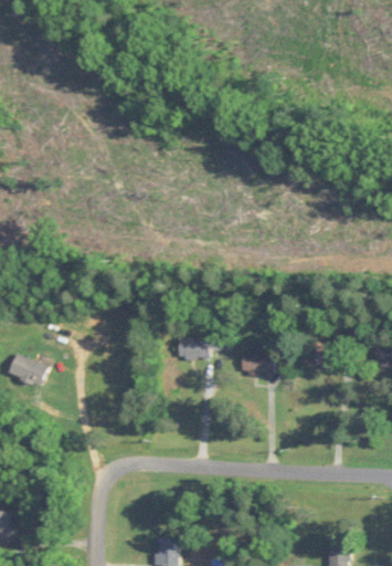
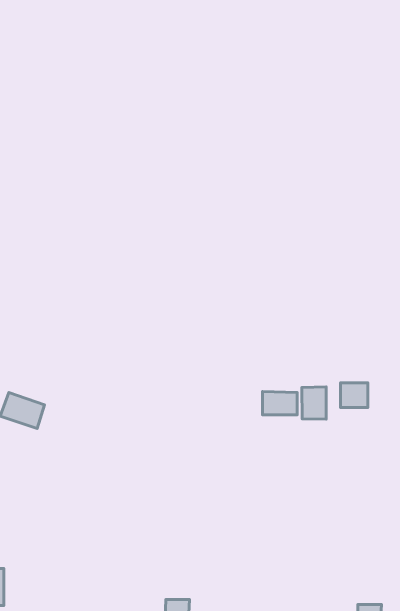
building: [178,337,219,358] -> none
building: none -> [302,387,326,419]

